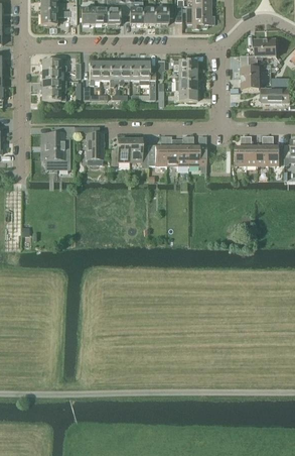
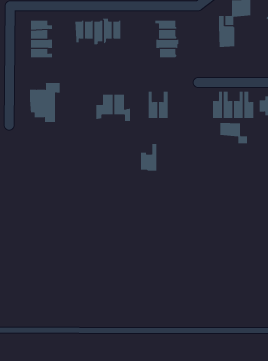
building: [138,60,155,99] -> none
building: [261,88,289,103] -> none
building: [73,126,102,158] -> none
building: [148,135,166,164] -> [140,144,157,171]
building: [188,135,205,164] -> none
building: none -> [220,122,248,144]

